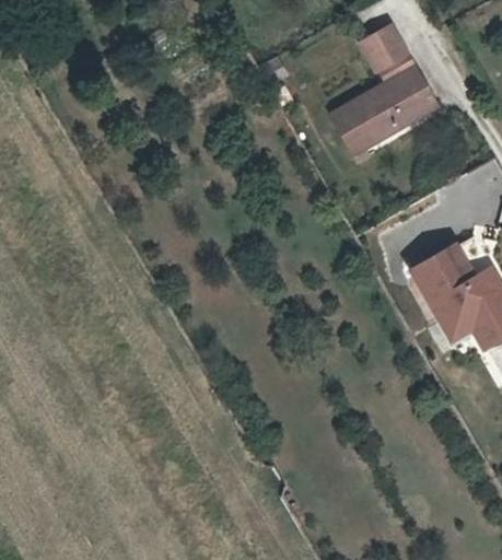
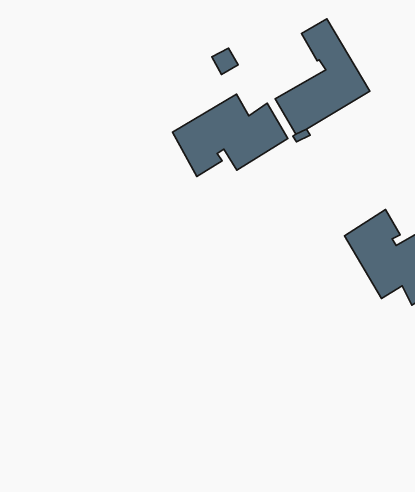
building: none -> [172,94,288,177]

